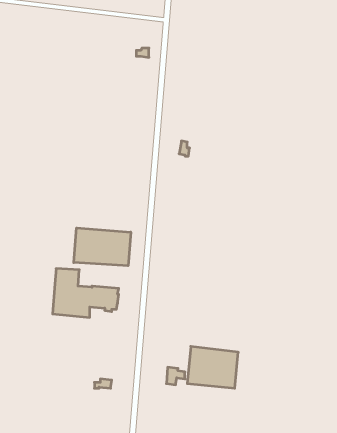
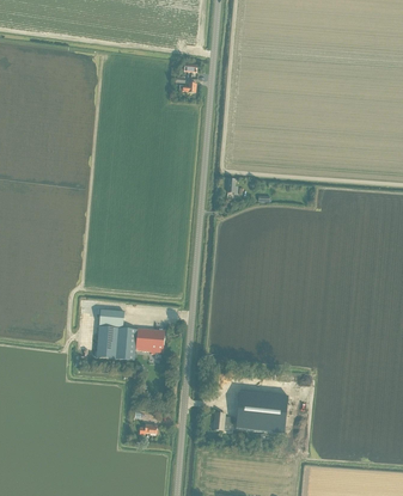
building: [74,228,131,266] -> none

